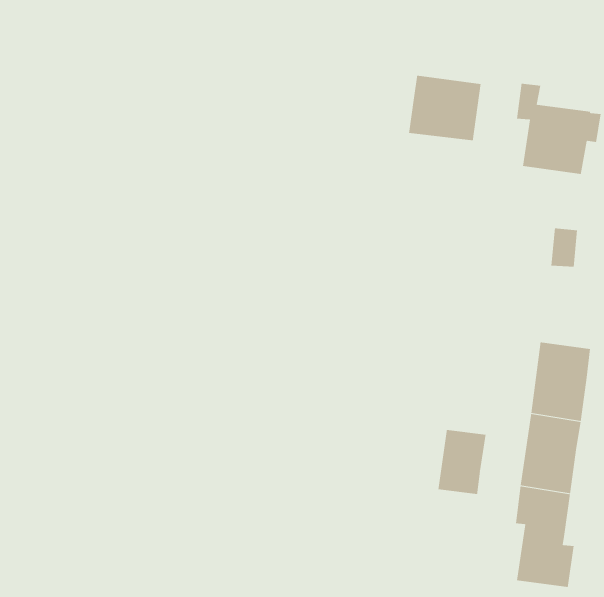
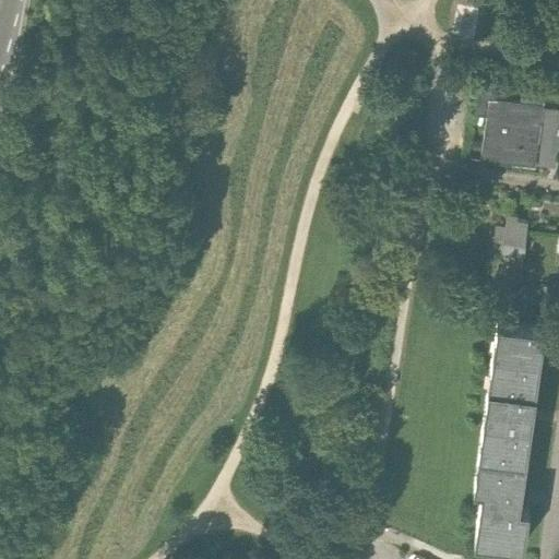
building: [408,75,481,141] -> none
building: [438,429,486,495] -> none

